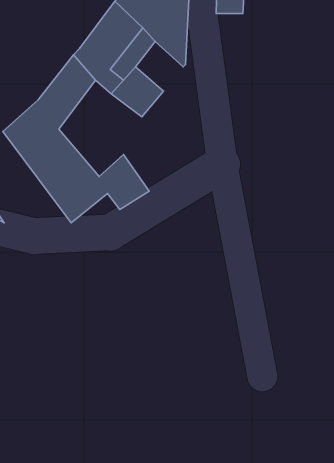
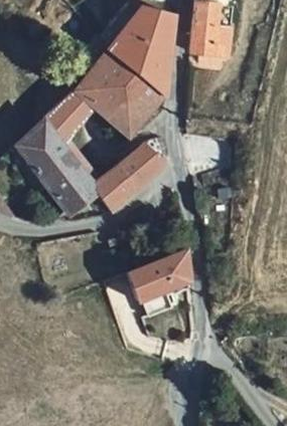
building: none -> [122,74,161,116]
building: none -> [112,138,167,198]
building: none -> [132,249,192,306]

